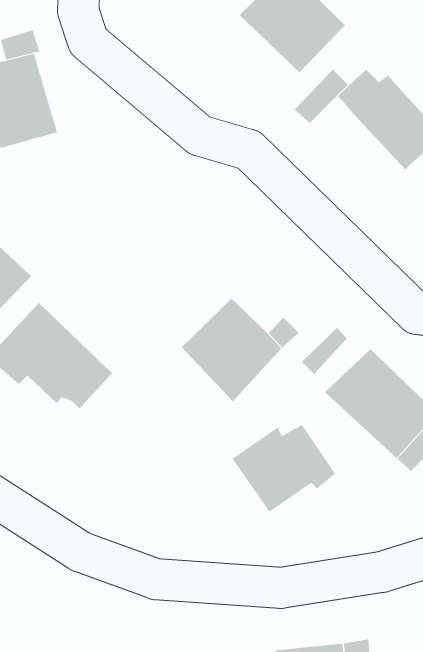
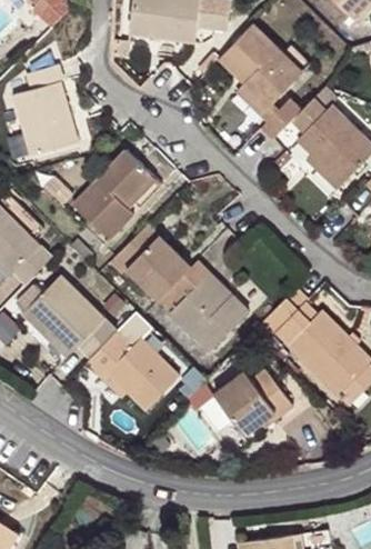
building: none -> [72,147,164,240]
building: none -> [117,220,200,301]
building: none -> [88,332,181,415]

